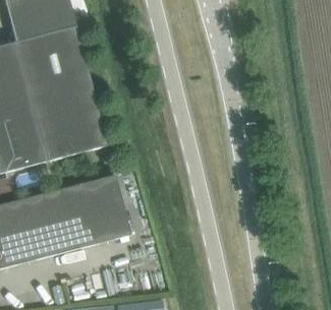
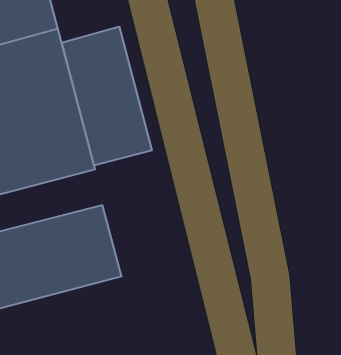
building: none -> [62,27,152,165]

